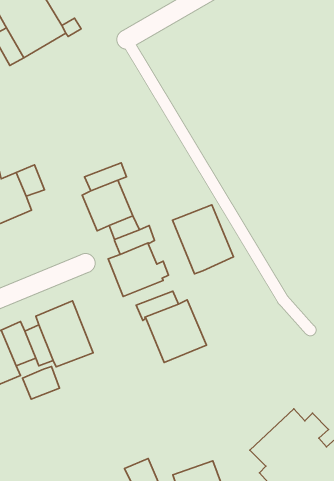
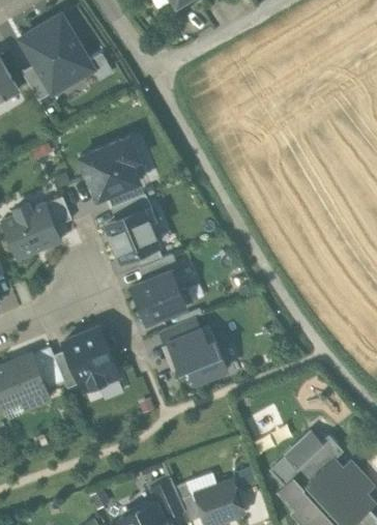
building: none -> [80,138,139,200]
building: [173,205,233,274] -> none
building: [22,366,60,399] -> none

